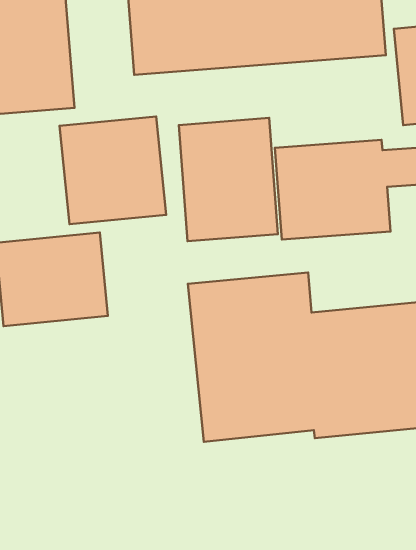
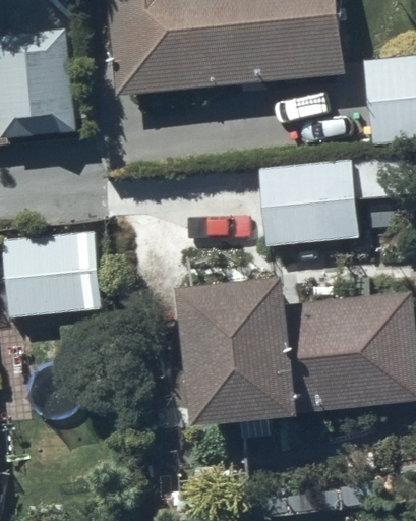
building: [59,116,166,224] -> none
building: [179,118,278,241] -> none

